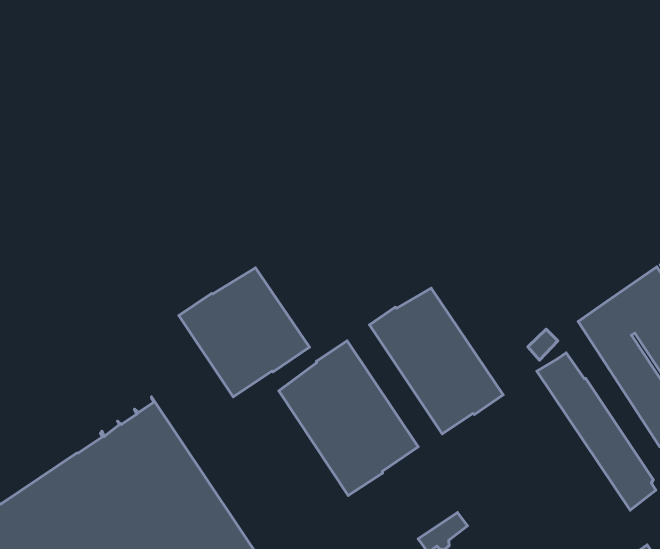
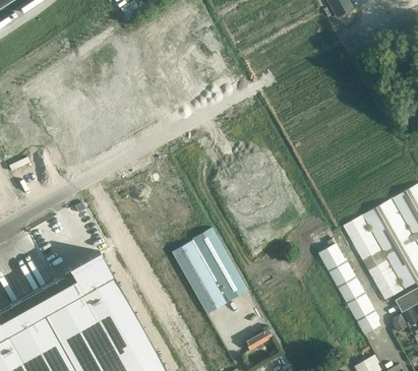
building: [179,268,309,397] -> none
building: [369,288,503,434] -> none

